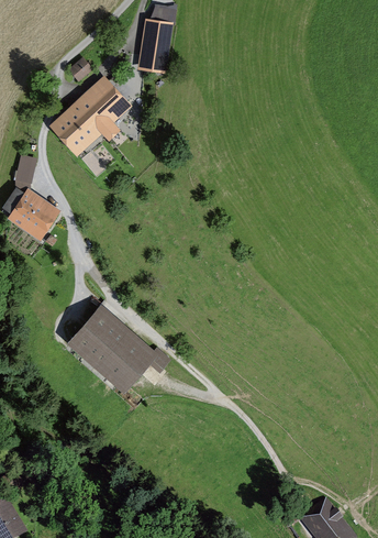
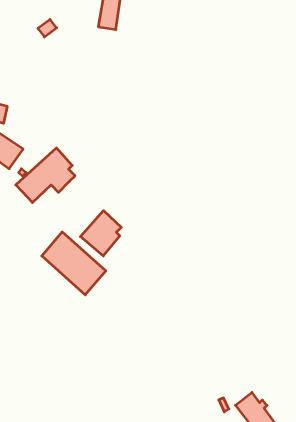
building: [57,81,127,146] -> [16,148,75,203]
building: none -> [80,211,121,256]

